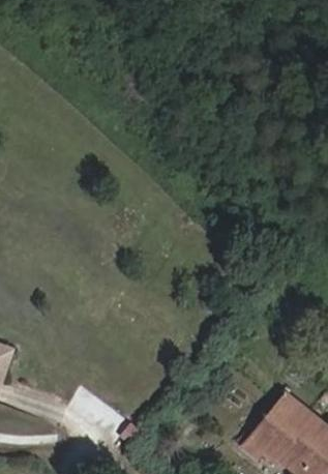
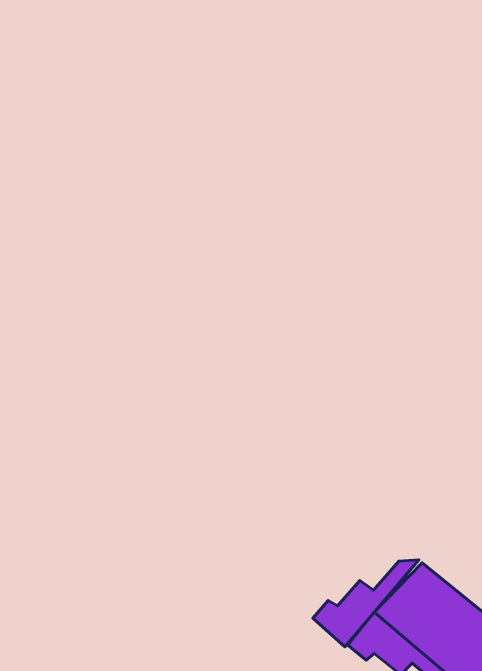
building: none -> [313,560,419,647]

